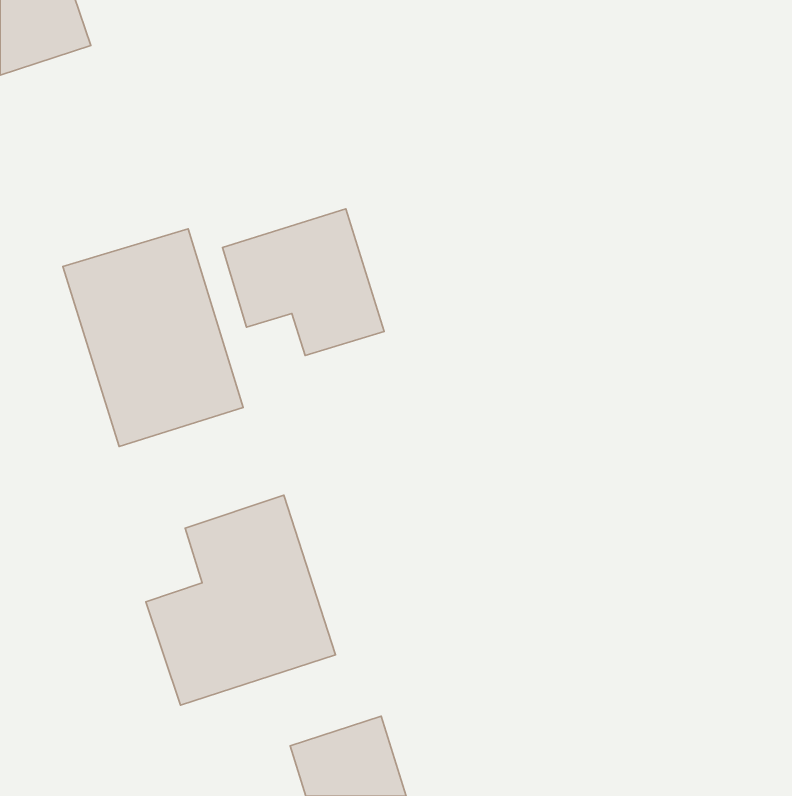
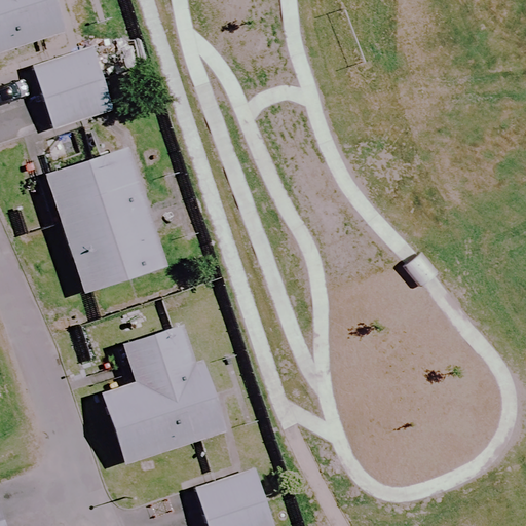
building: none -> [34,47,114,129]
building: [222,209,384,355] -> none

